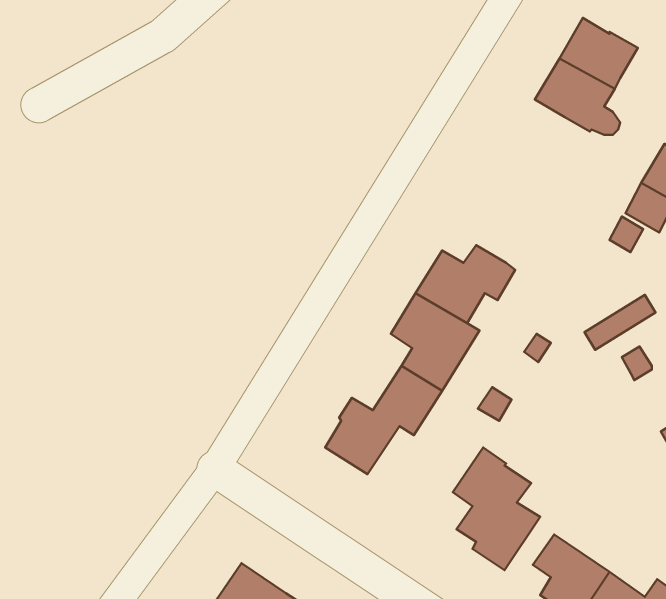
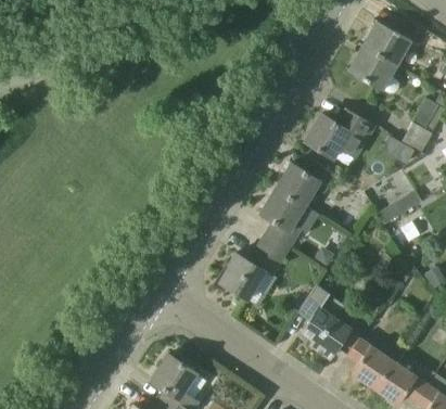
building: none -> [304,107,377,161]

